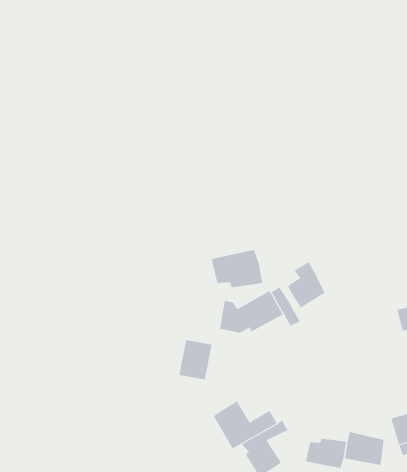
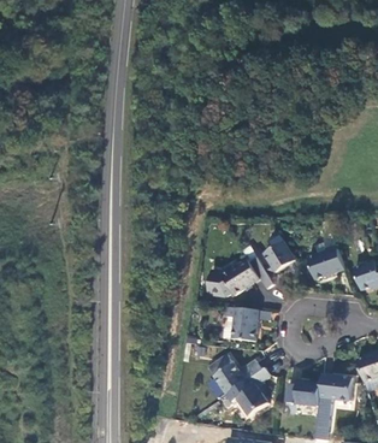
building: [211,249,263,288] -> none
building: none -> [307,238,343,279]
building: [179,340,212,380] -> [232,308,259,341]

